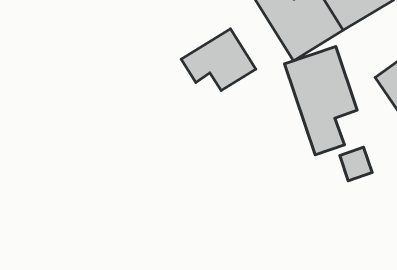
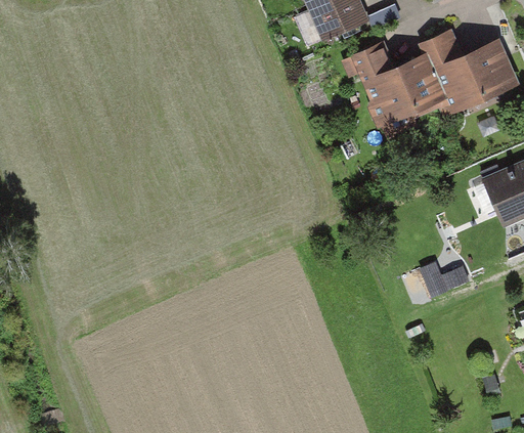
building: [181,29,256,91] -> none
building: [285,47,357,155] -> none

